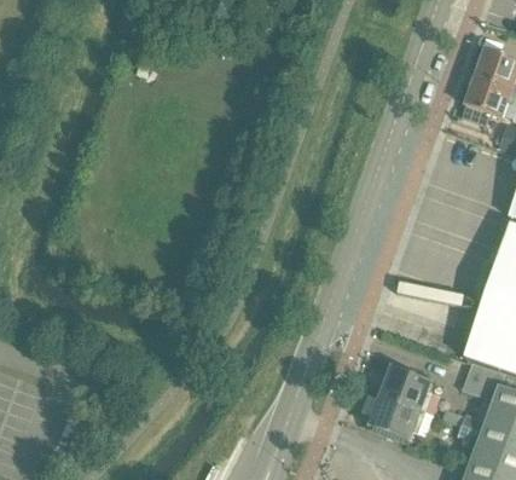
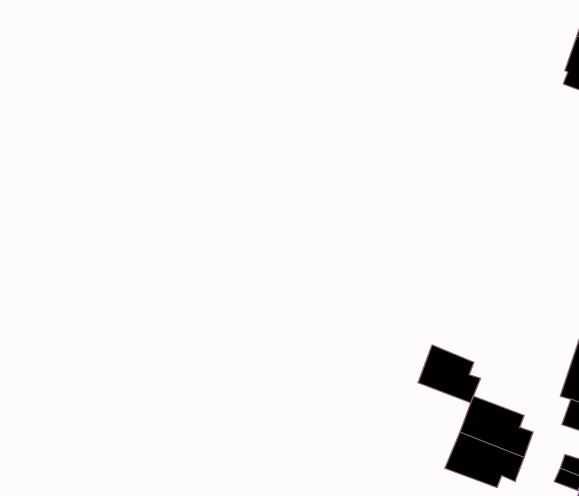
building: none -> [418,345,480,403]

